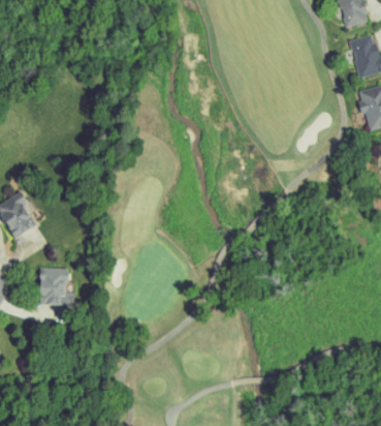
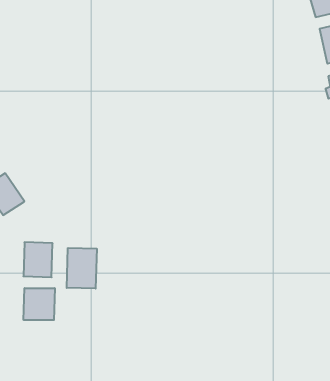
building: none -> [67,248,97,289]
building: none -> [24,288,55,320]

